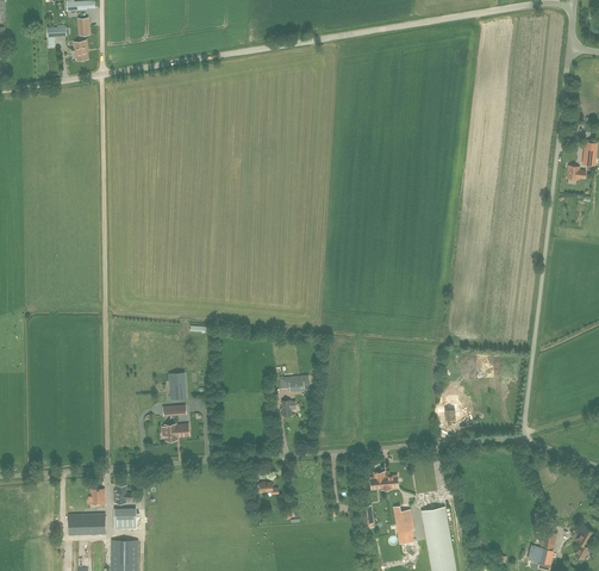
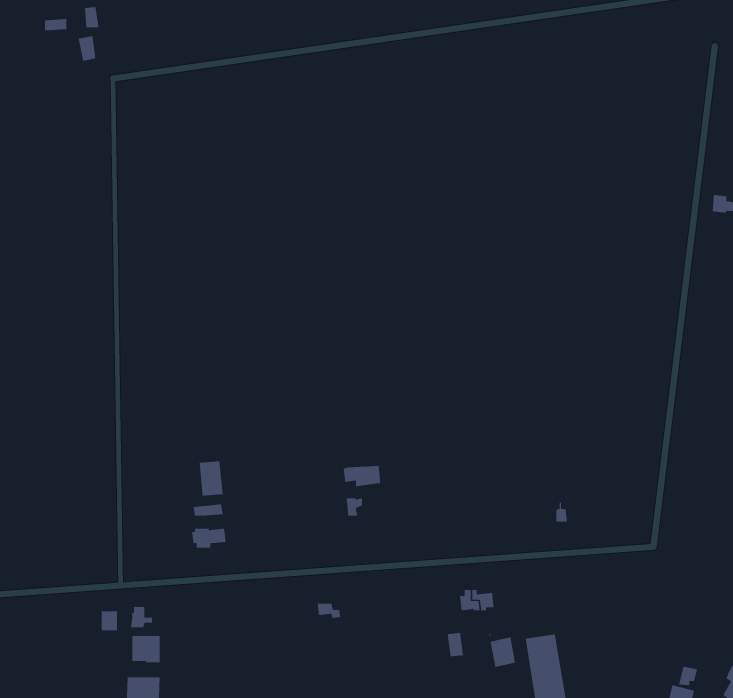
building: [68,514,105,535] -> none

